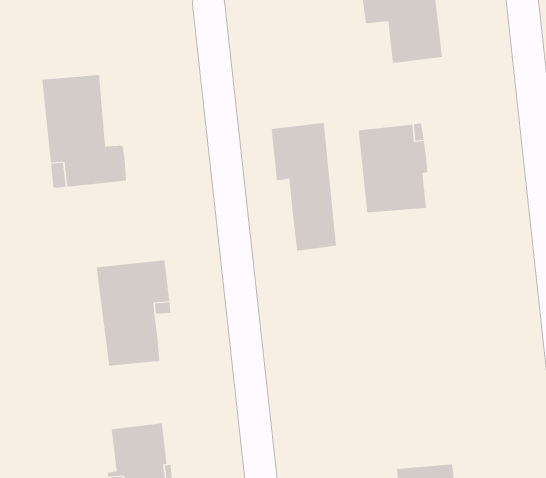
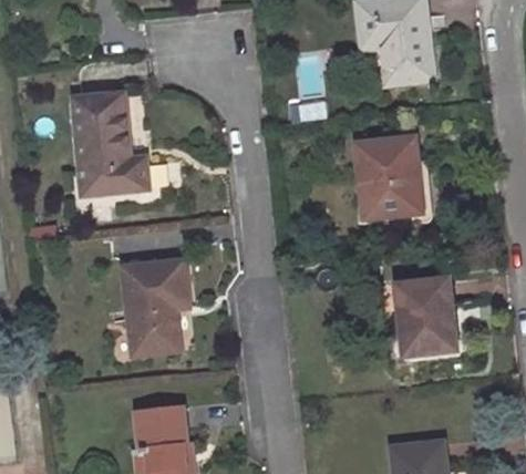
building: [271,122,336,252] -> none
building: none -> [398,278,458,353]

